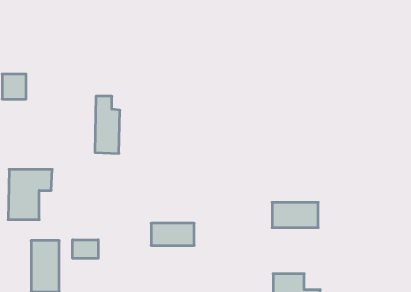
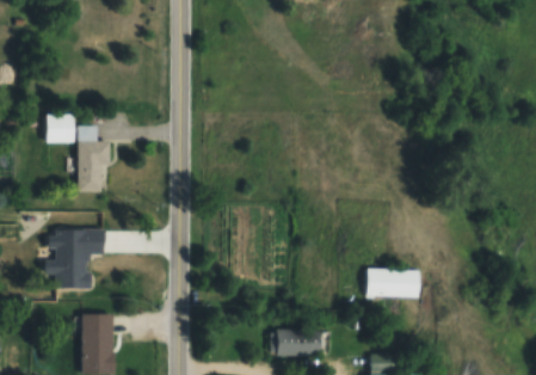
building: [95,96,120,153] -> [76,125,106,193]
building: [151,223,194,245] -> [270,328,321,355]
building: [73,240,98,258] -> none

